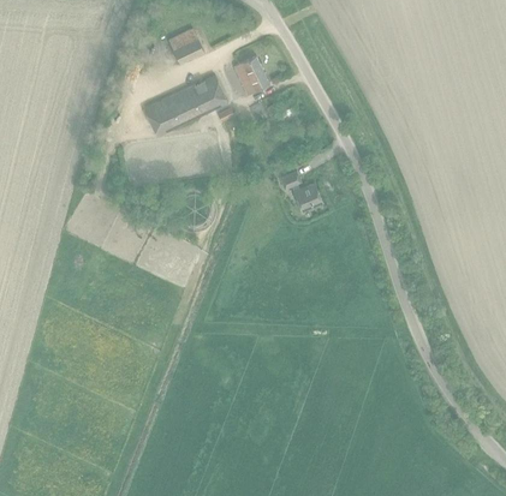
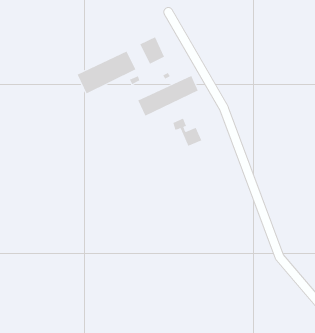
building: [169,29,203,64] -> none
building: none -> [137,75,199,116]

